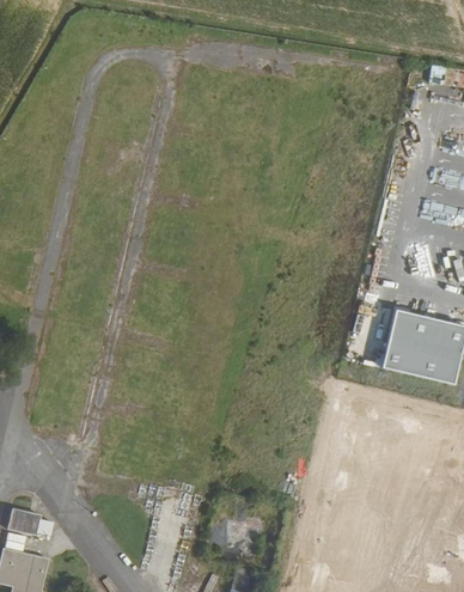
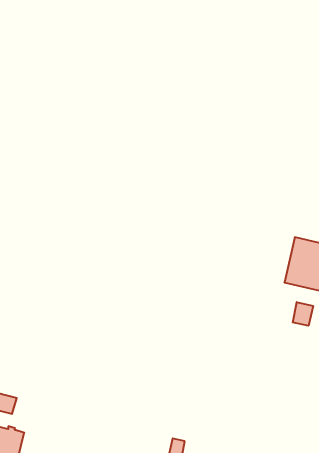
building: none -> [293,302,313,326]

